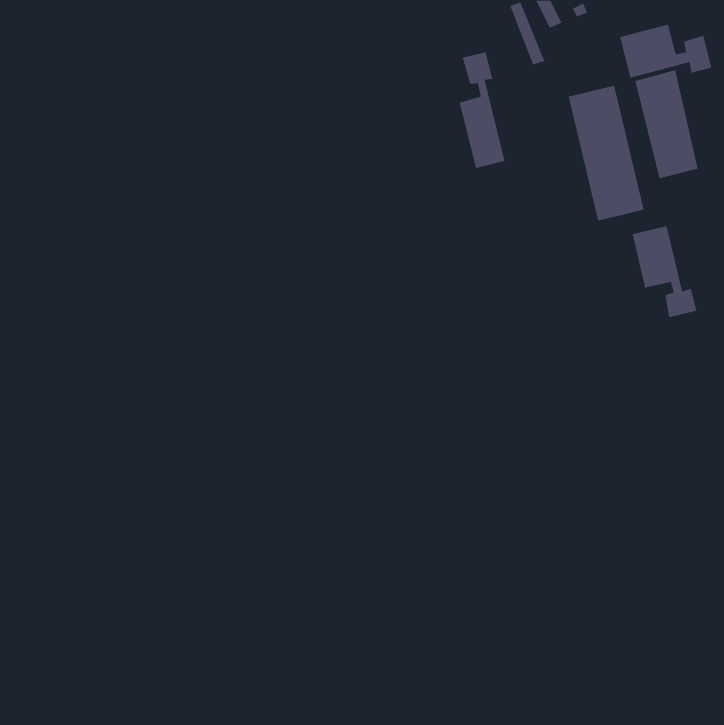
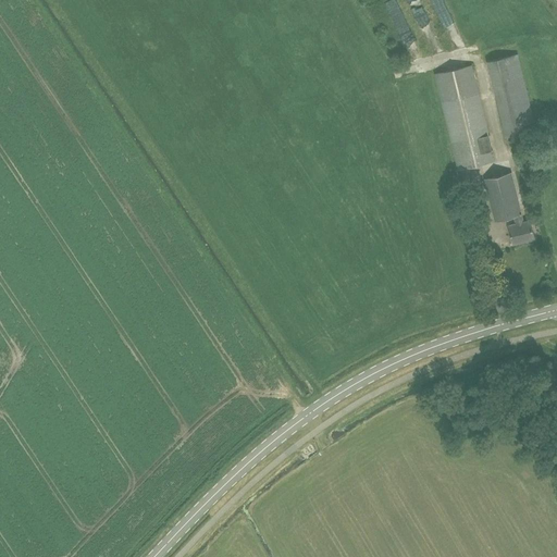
building: [620,24,712,78] -> none
building: [459,51,505,169] -> none

